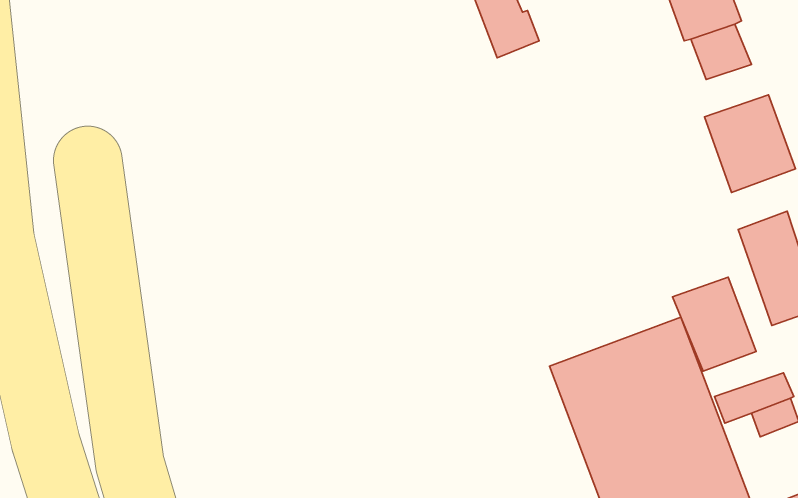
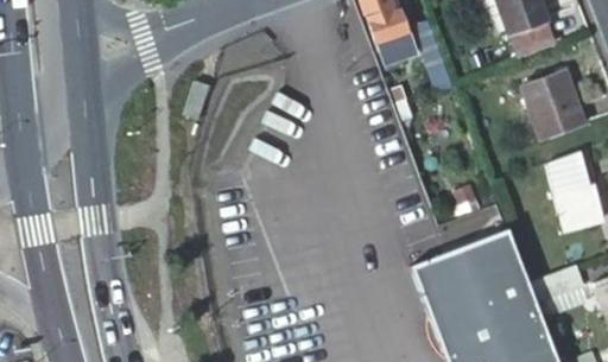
building: [673,277,756,371] -> none

